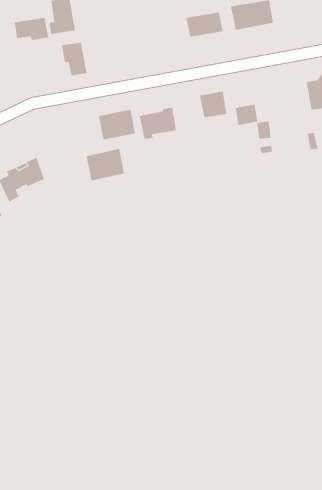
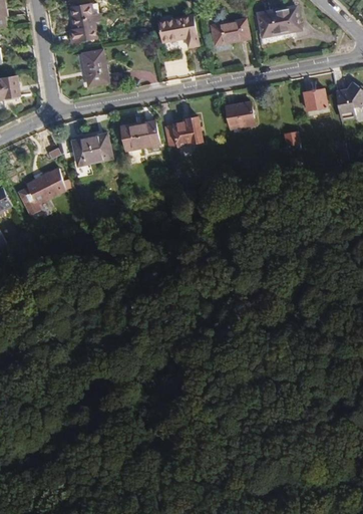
building: none -> [158,15,199,47]
building: [14,17,49,41] -> none
building: [235,104,258,125] -> [303,88,327,110]
building: [86,148,125,181] -> [71,133,111,167]

